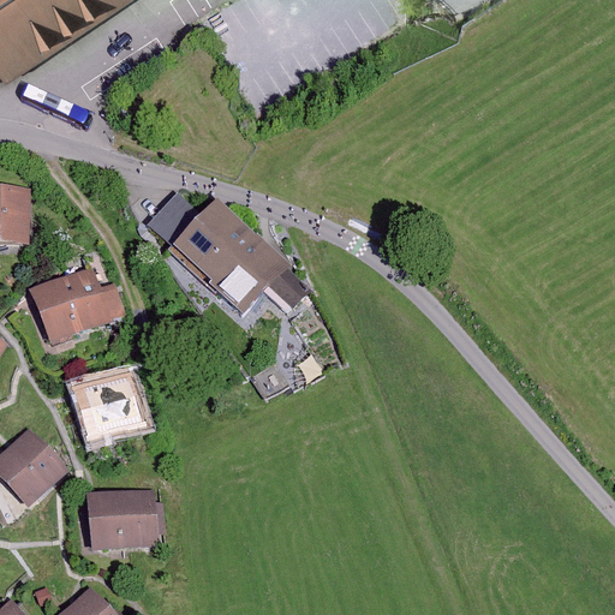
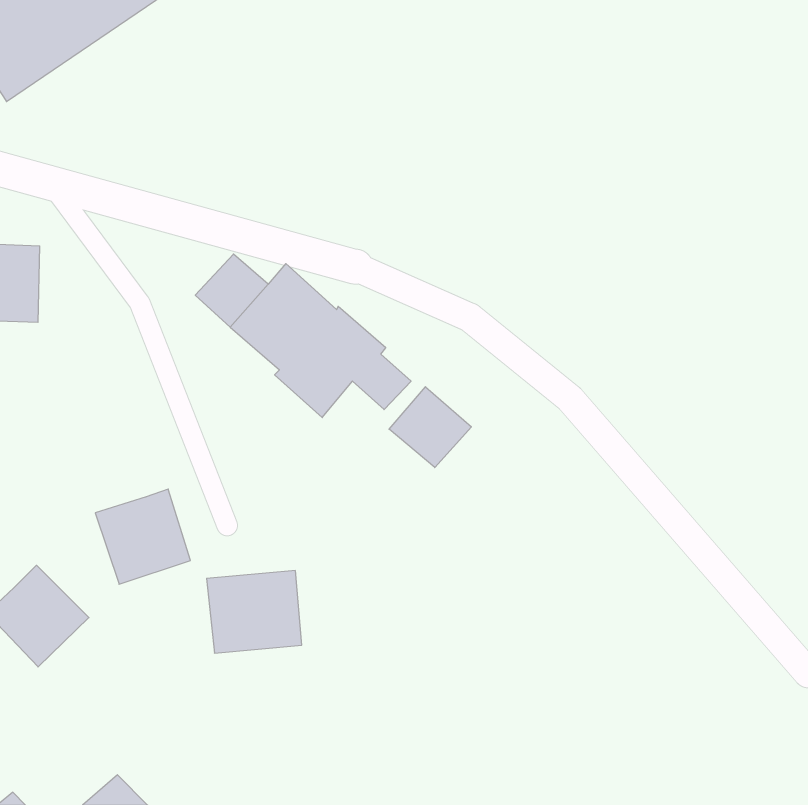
building: [28,265,125,344] -> none
building: none -> [389,387,471,468]
building: [85,488,157,550] -> [207,571,302,653]

